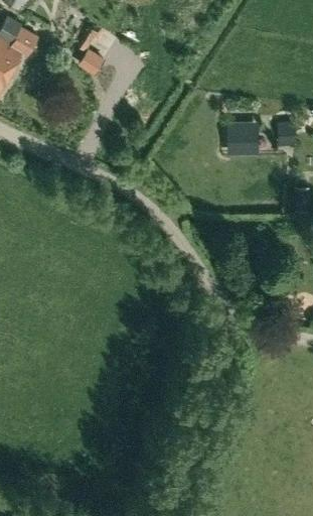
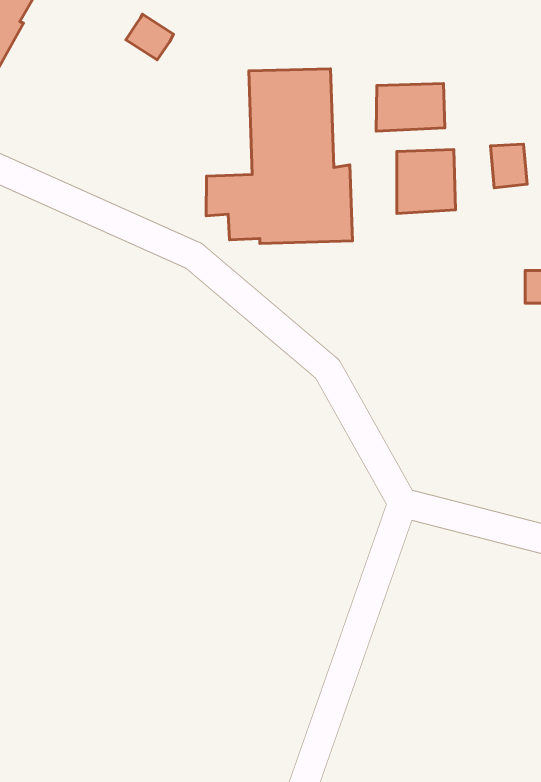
building: none -> [206,69,353,244]
building: none -> [376,83,445,131]

